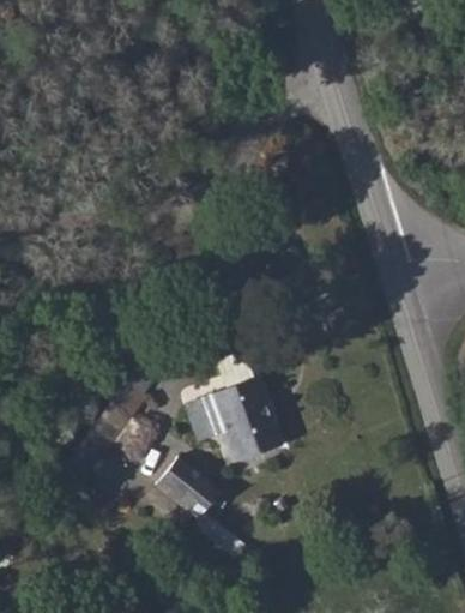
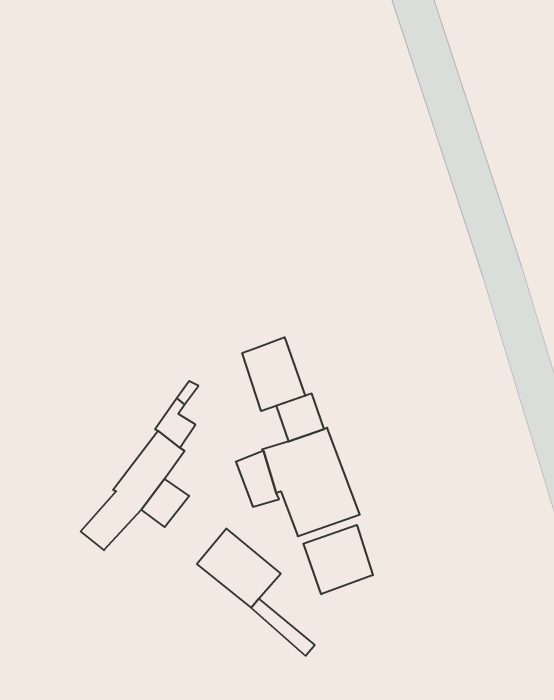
building: none -> [242,337,305,411]
building: none -> [303,525,373,594]

